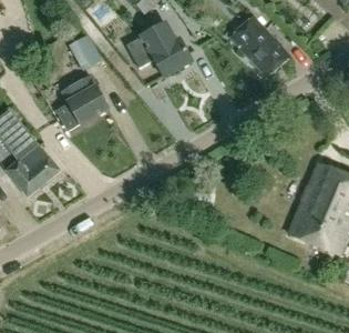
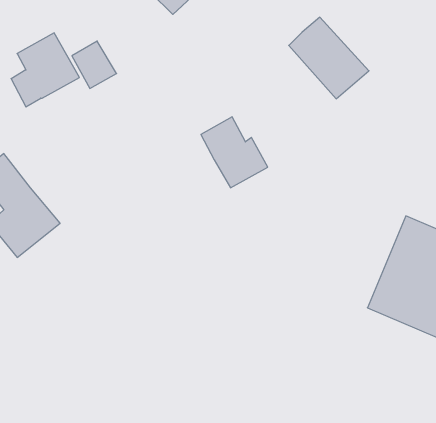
building: [141,21,191,74] -> [201,117,268,188]
building: [57,73,107,129] -> [11,33,79,107]

